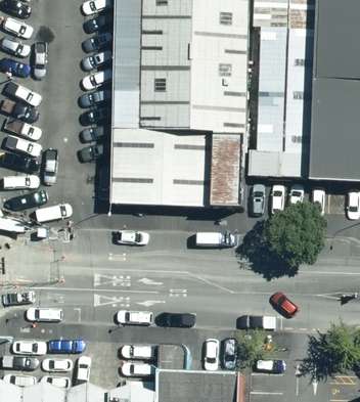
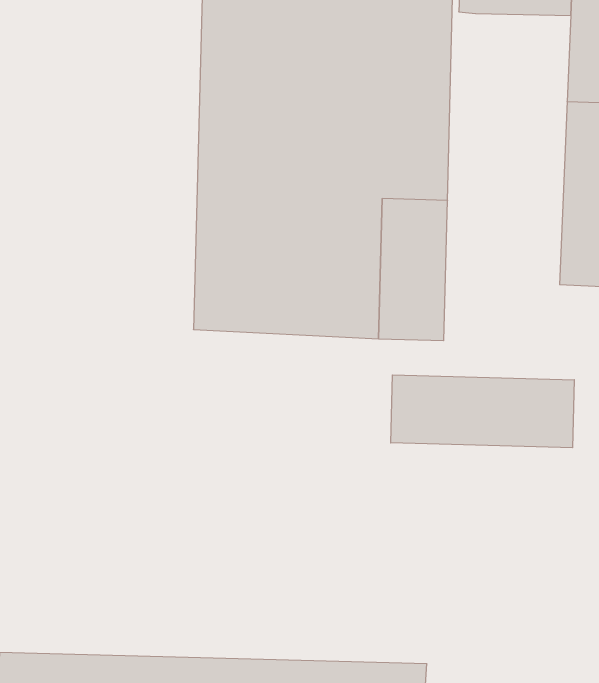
building: [251,31,315,179] -> none
building: none -> [391,375,574,448]

